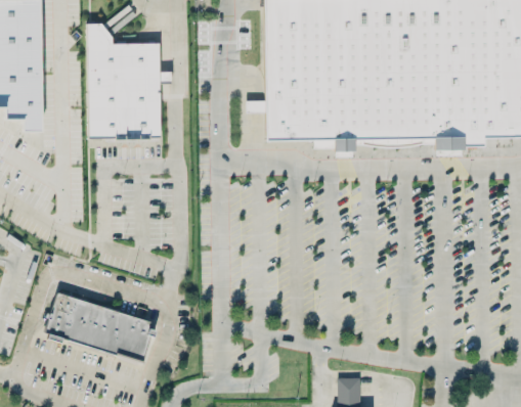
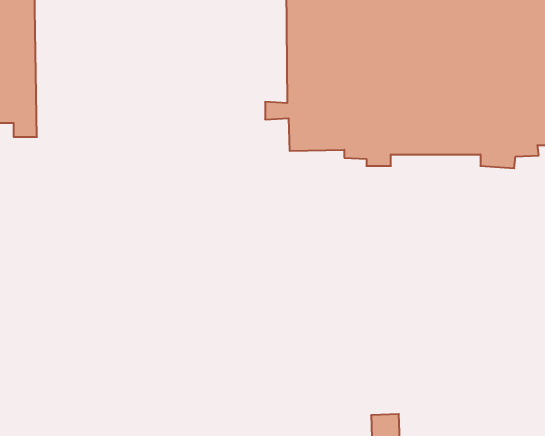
building: [93,20,164,135] -> none
building: [43,289,154,361] -> none

